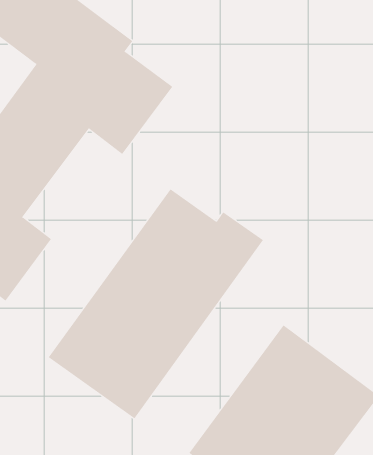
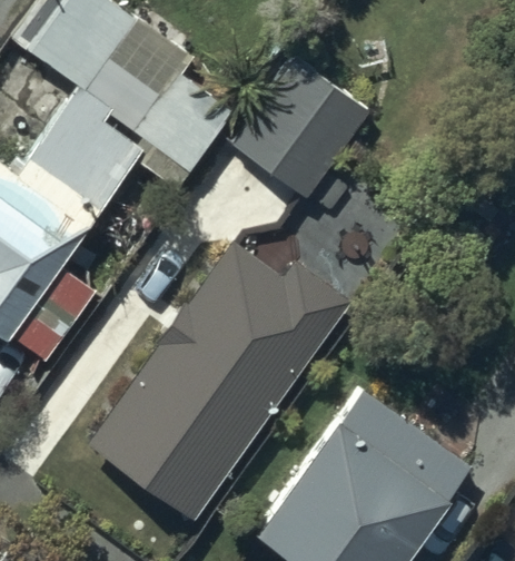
building: none -> [232,58,372,201]

